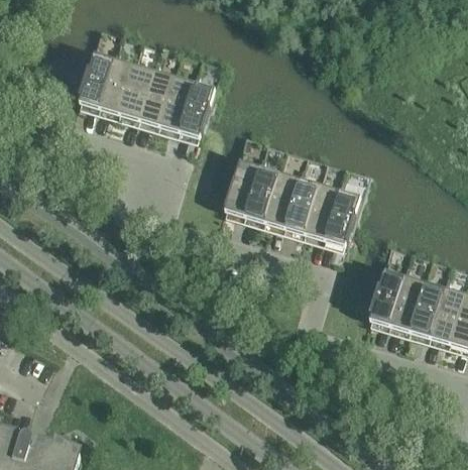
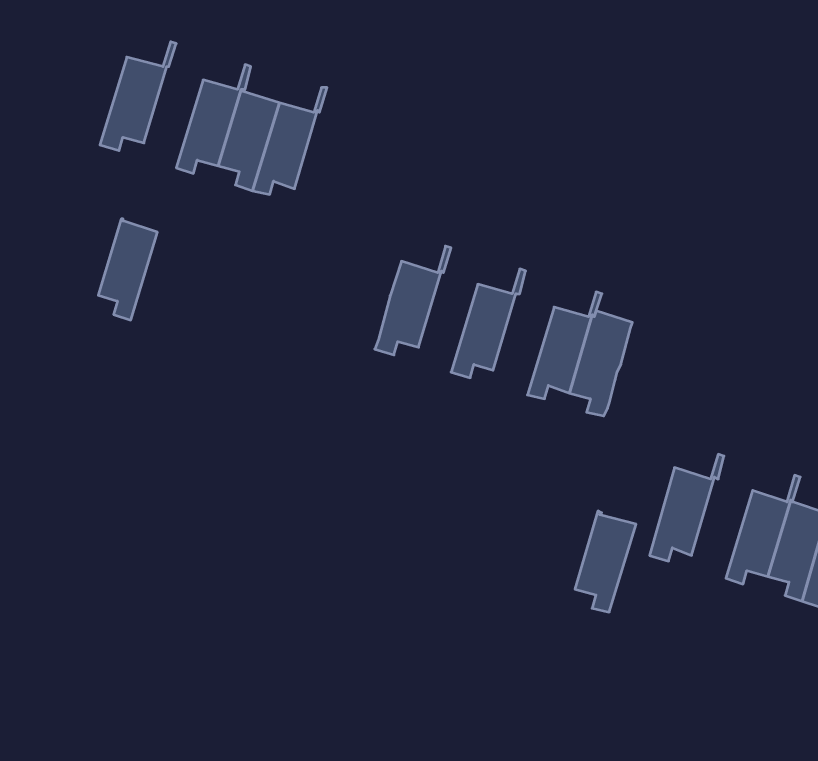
building: [101,61,132,114] -> [98,219,157,320]
building: [181,84,213,137] -> none
building: [246,168,277,222] -> none
building: [285,181,318,234] -> none
building: [390,277,423,331] -> [575,511,636,612]

